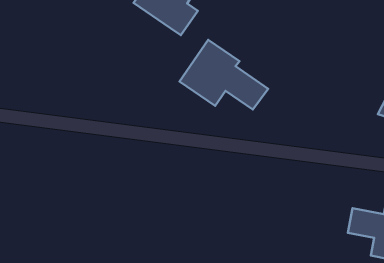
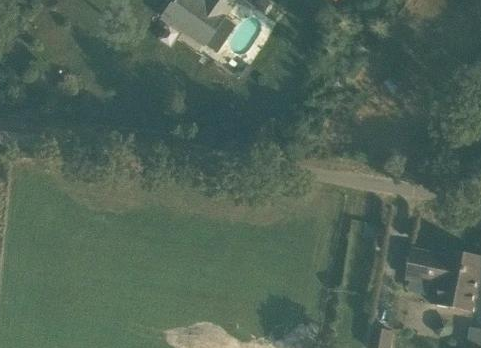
building: [179,40,268,110] -> none

